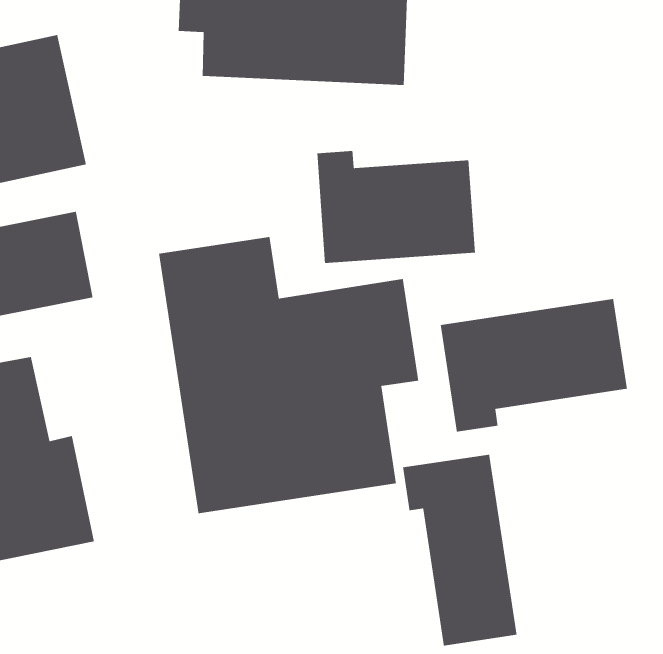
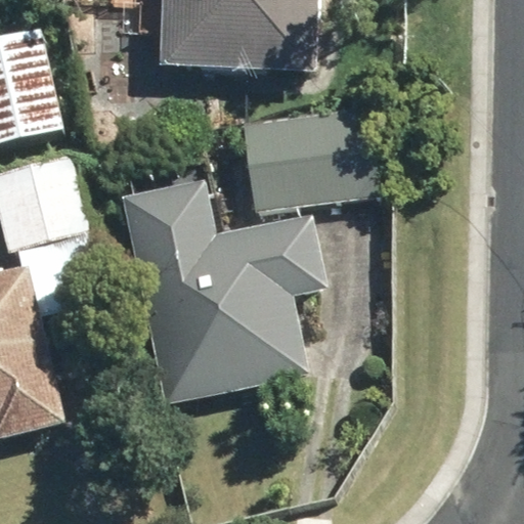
building: [440,298,628,433] -> none
building: [402,454,517,646] -> none

